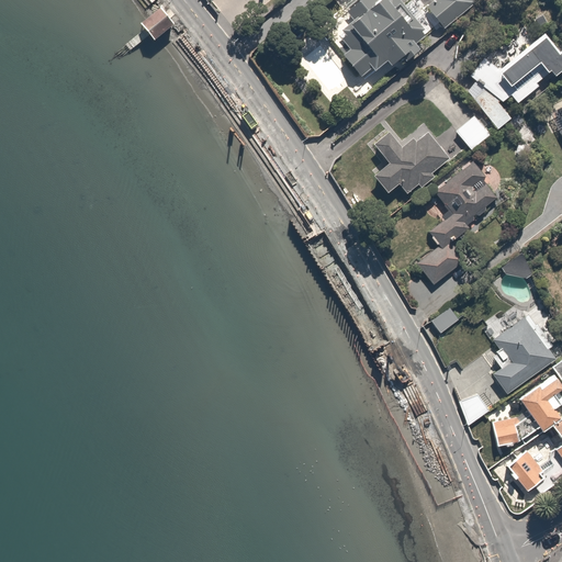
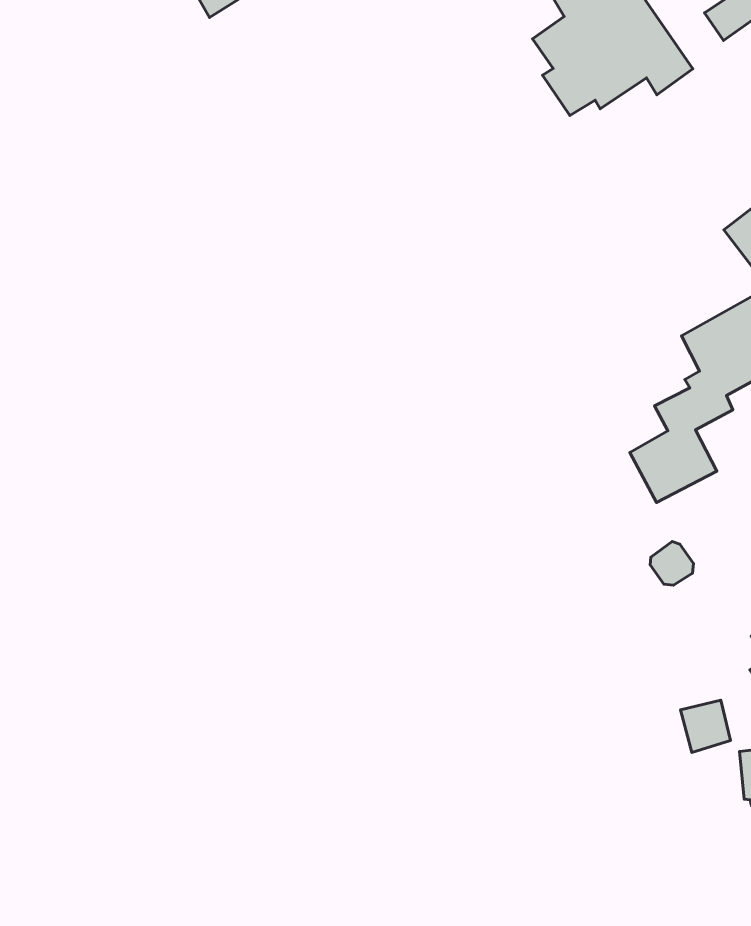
building: [372,127,457,194] -> none

